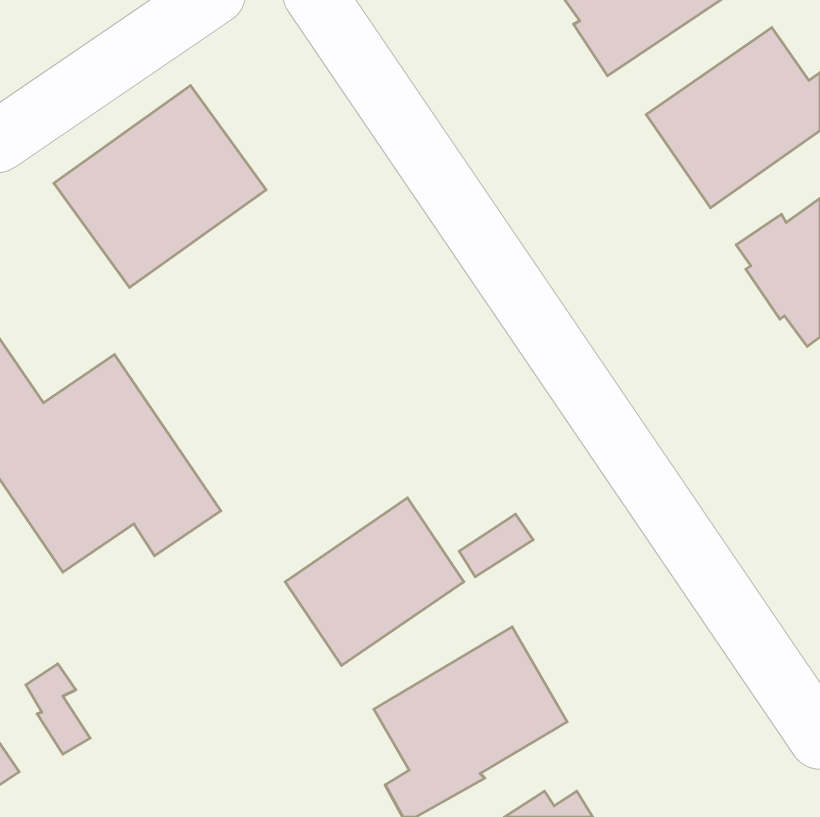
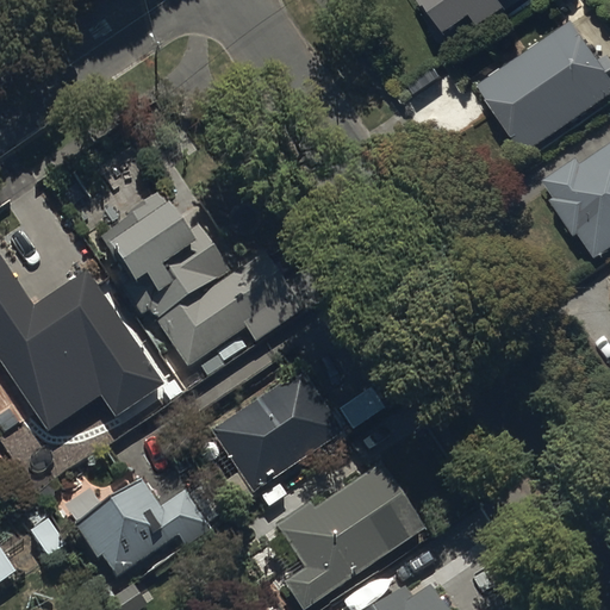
building: [54,86,266,287] -> none
building: none -> [101,193,300,365]
building: none -> [76,481,222,580]

